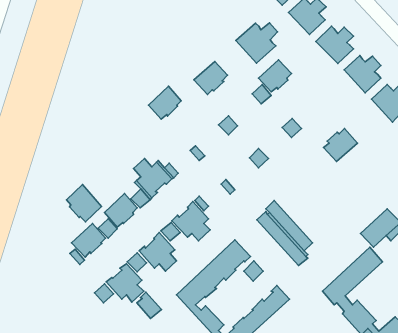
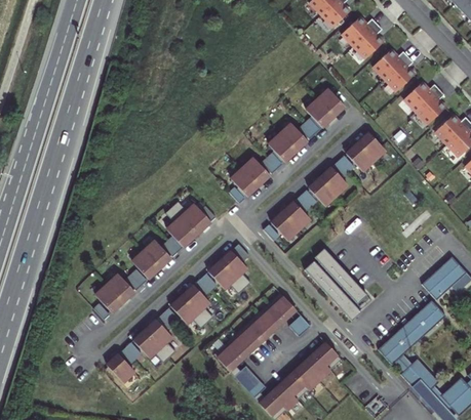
building: [236,23,278,63] -> none
building: [194,62,228,94] -> [268,123,306,160]
building: [148,86,181,119] -> [231,157,268,194]
building: [324,128,357,161] -> [347,133,385,170]
building: none -> [309,168,347,205]
building: none -> [272,202,310,239]
building: [66,185,102,222] -> none
building: [137,292,161,319] -> [109,351,136,381]

